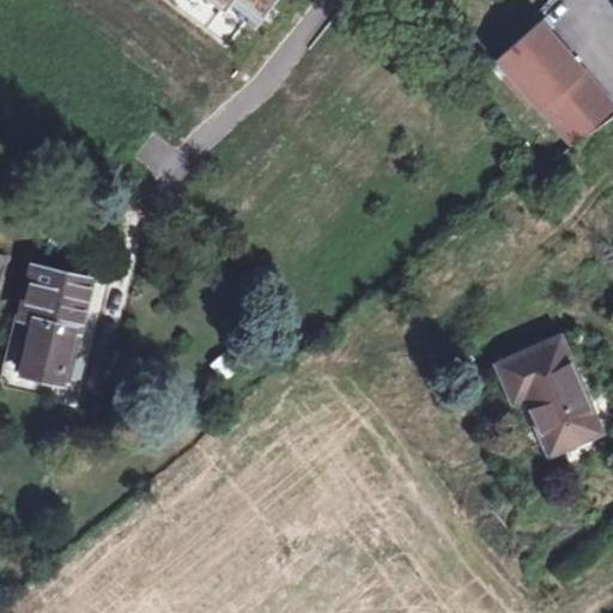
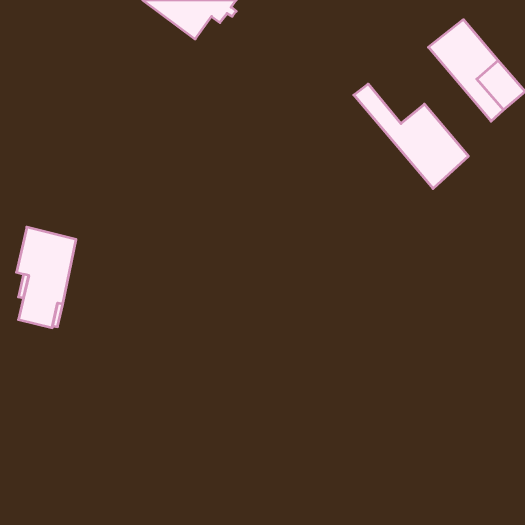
building: none -> [354,84,468,189]
building: [500,339,597,450] -> none

